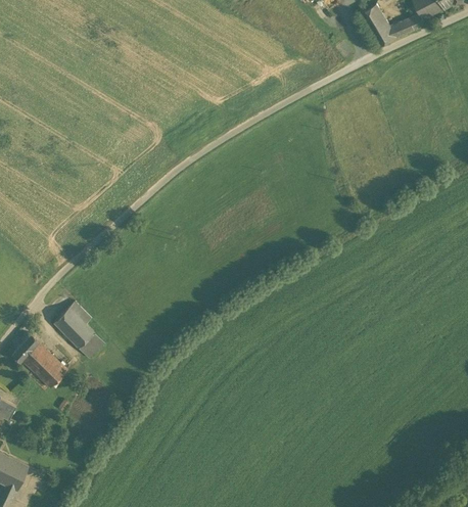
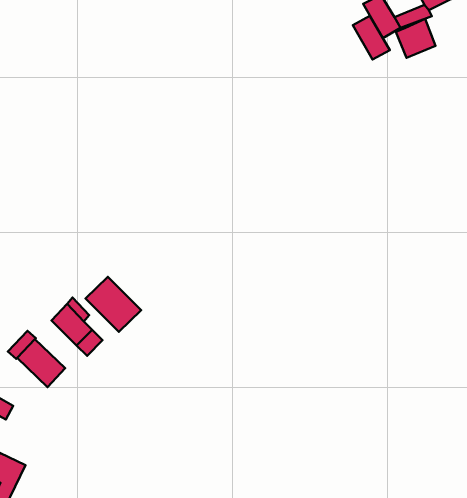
building: none -> [353,16,390,60]
building: none -> [396,19,436,58]
building: none -> [86,277,141,332]

